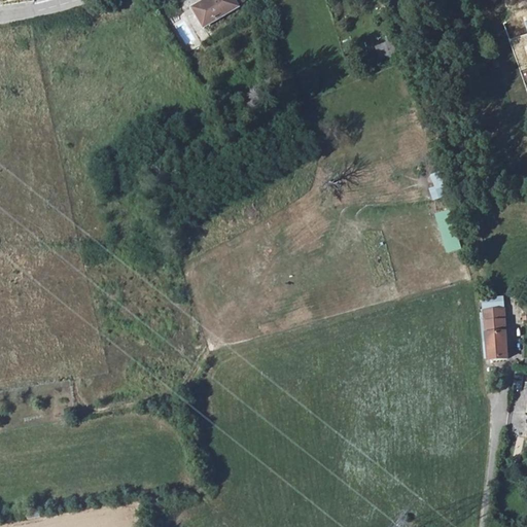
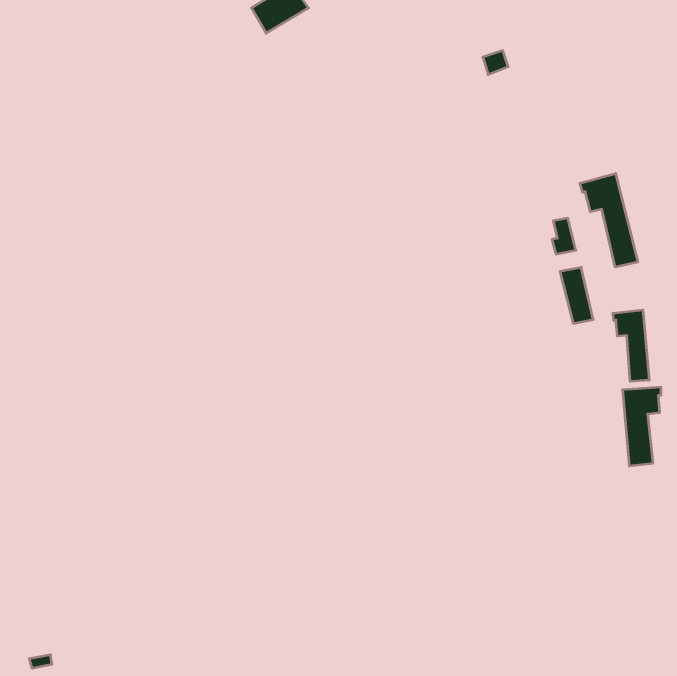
building: none -> [580,173,638,267]
building: none -> [613,310,649,381]

